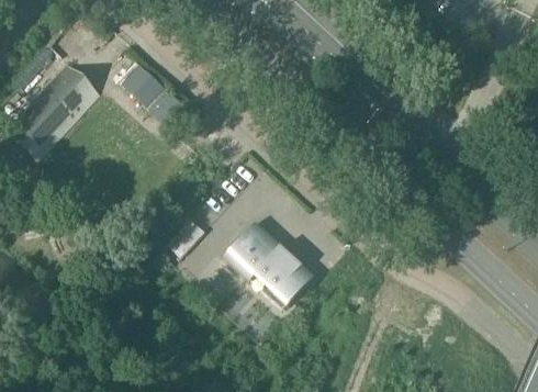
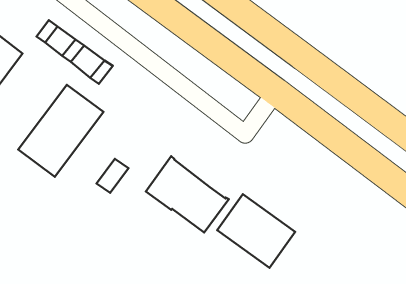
building: none -> [18,85,103,177]
building: none -> [217,194,295,268]

